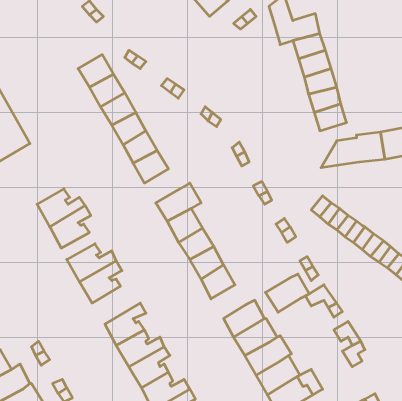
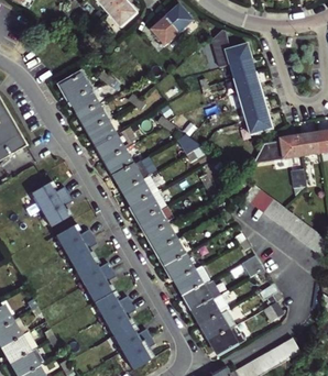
building: none -> [114,161,150,190]
building: [265,274,309,312] -> [166,251,200,280]
building: none -> [74,255,111,285]

